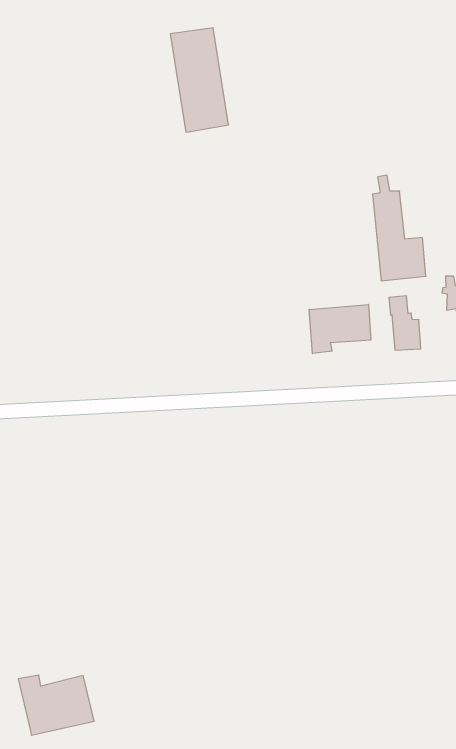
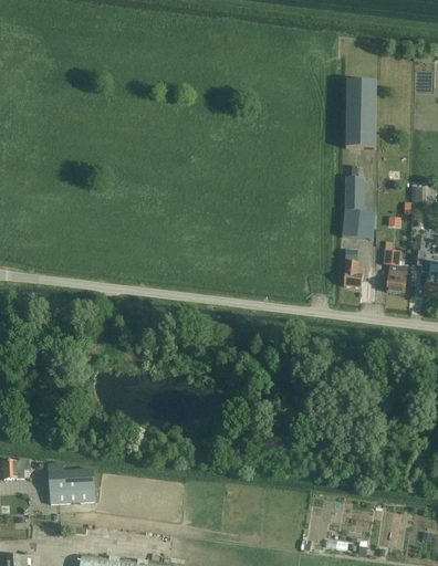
building: [170,28,229,132] -> [345,78,376,147]
building: [309,304,371,354] -> none

